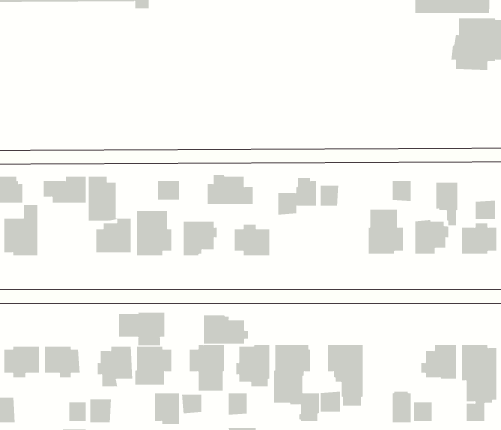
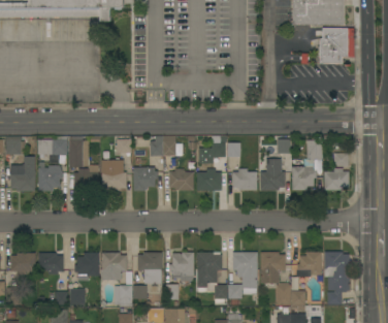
building: none -> [39,162,69,191]
building: none -> [233,168,258,191]
building: none -> [197,169,222,191]
building: [118,312,165,346] -> none
building: [204,314,249,345] -> none
building: none -> [261,252,289,283]

